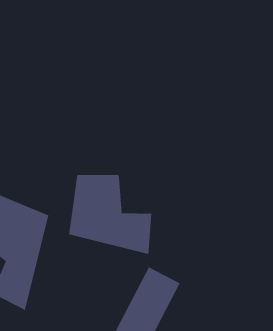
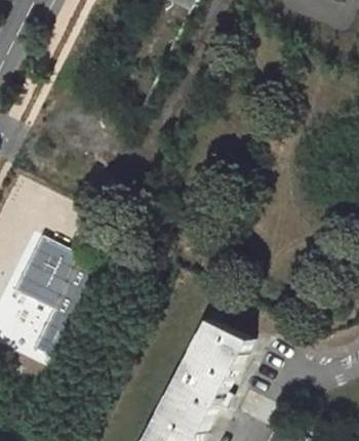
building: [69,174,152,255] -> none

